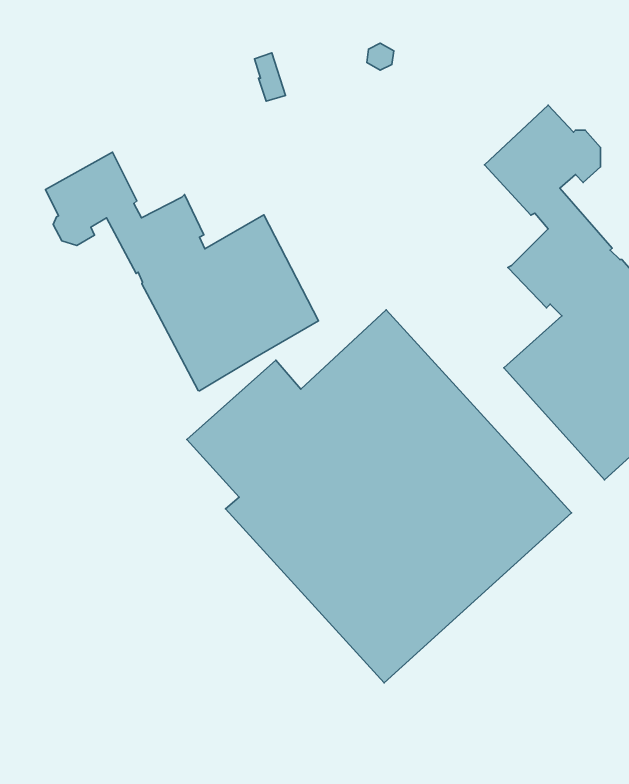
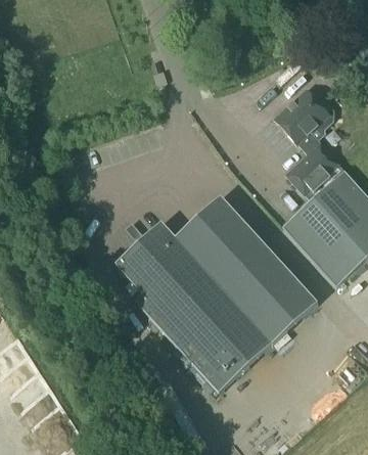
building: [46,152,319,391] -> none

